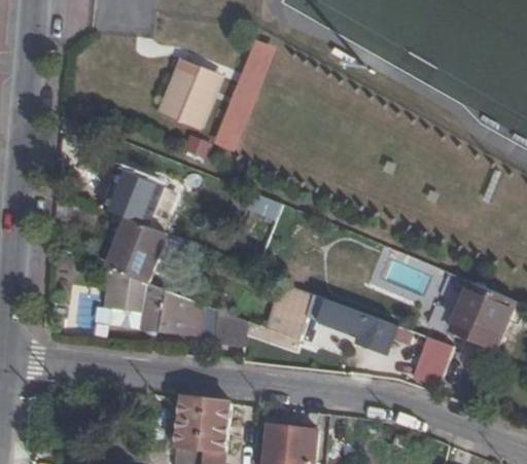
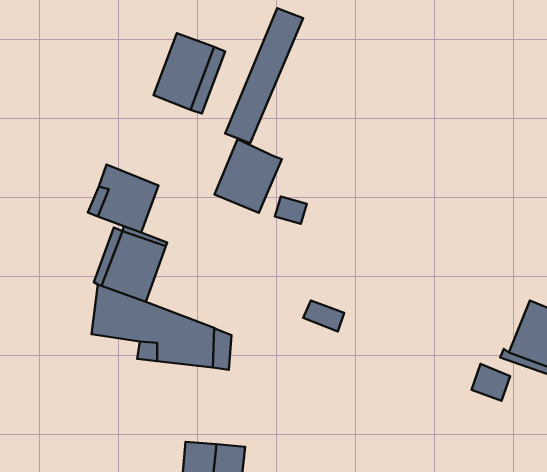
building: none -> [214,139,282,213]
building: [266,297,307,338] -> none
building: [318,298,394,350] -> none
building: [216,312,248,345] -> none

